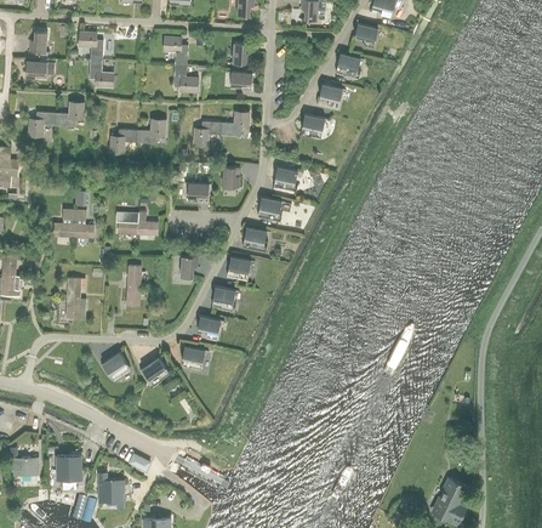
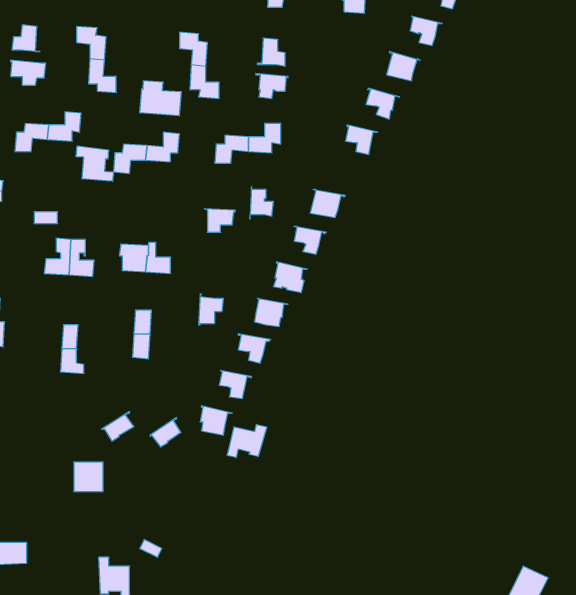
building: none -> [140,81,181,116]
building: none -> [76,146,113,181]
building: none -> [227,424,267,458]
building: [56,455,80,479] -> [74,462,103,492]

